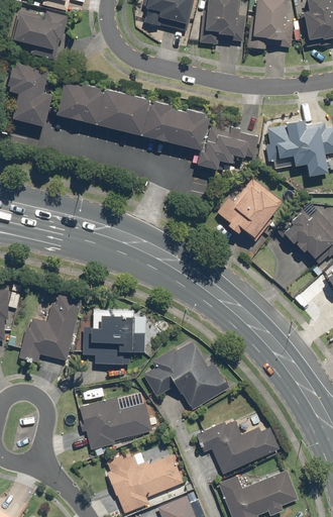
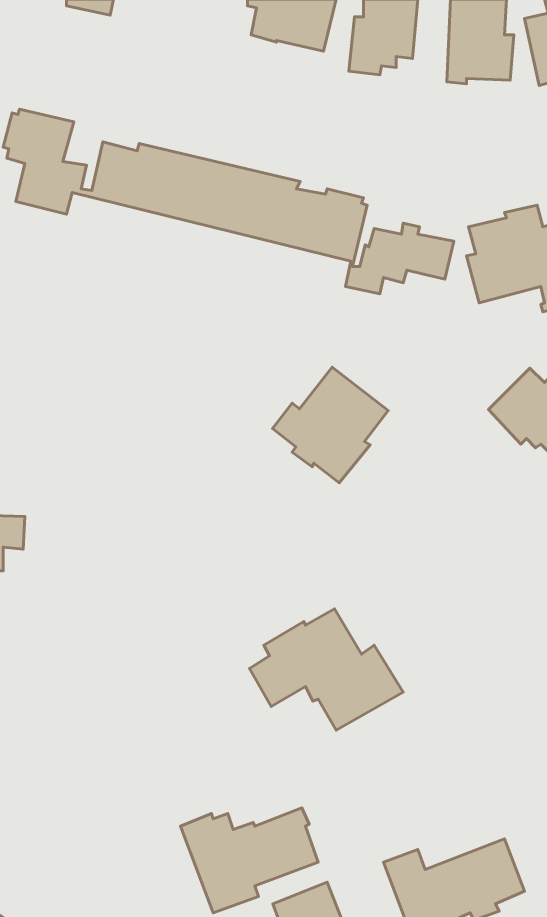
building: [11,13,67,62] -> none
building: [218,178,283,242] -> [272,367,388,483]
building: [19,295,80,363] -> none
building: [83,308,152,365] -> none
building: [80,399,152,450] -> none
building: [196,418,280,475] -> none

